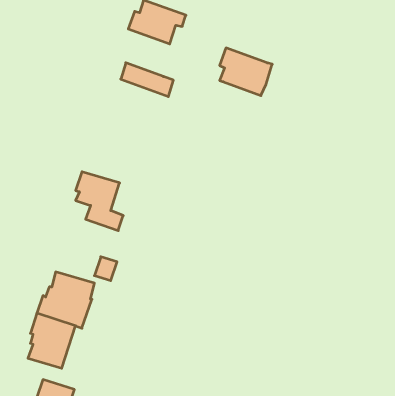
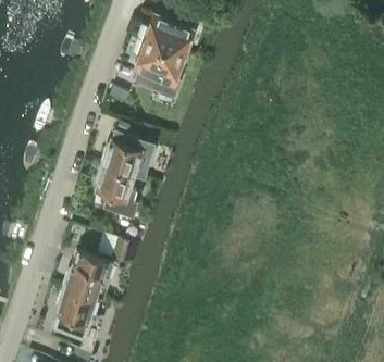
building: [220,48,272,96] -> [137,40,183,82]
building: none -> [102,139,143,174]

